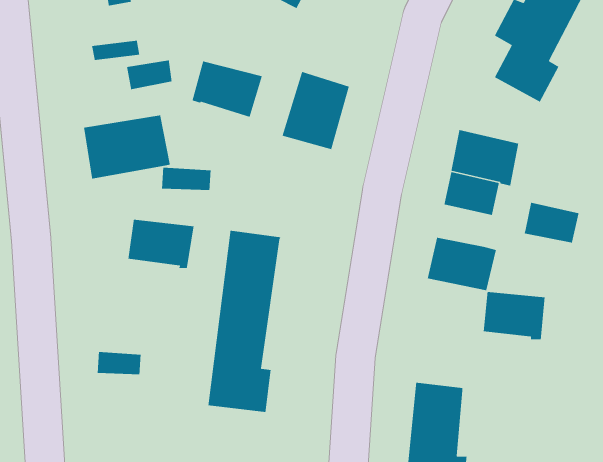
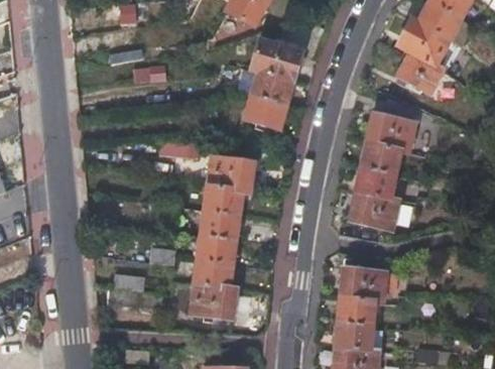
building: [191,60,263,118] -> [251,41,302,83]
building: [83,114,171,179] -> none
building: [524,202,579,244] -> [356,168,396,199]
building: [127,219,195,269] -> [207,157,255,194]
building: [483,291,546,340] -> [341,267,386,302]

